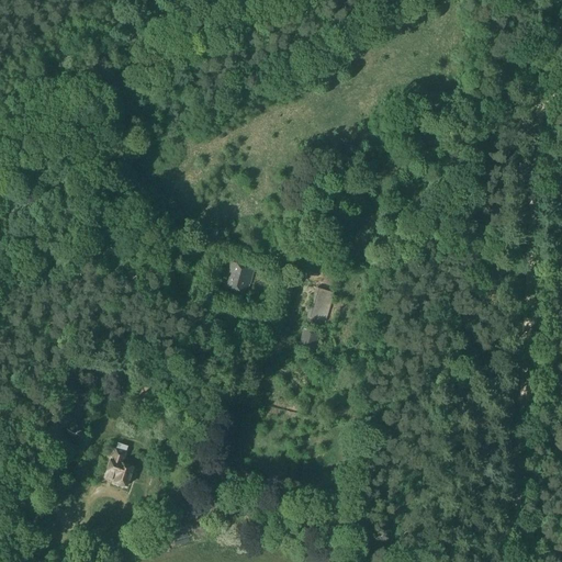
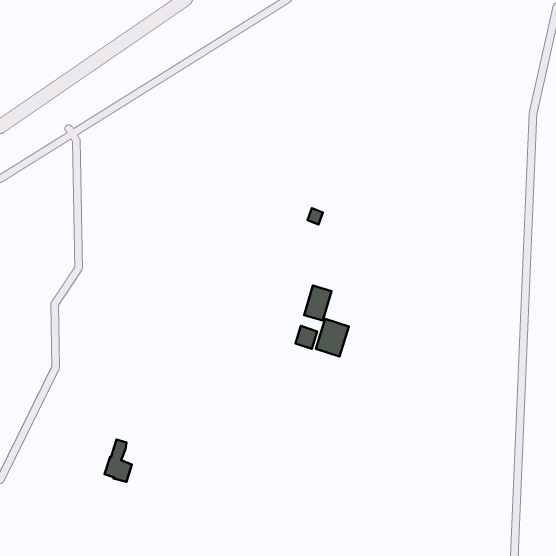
building: [224,262,255,294] -> none
building: none -> [316,319,349,356]

